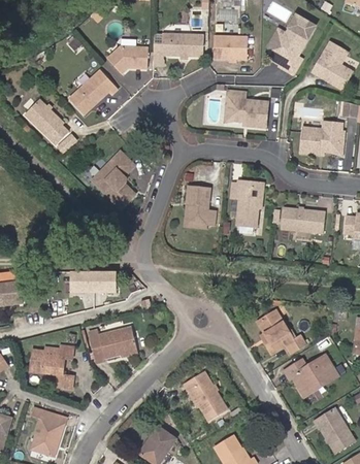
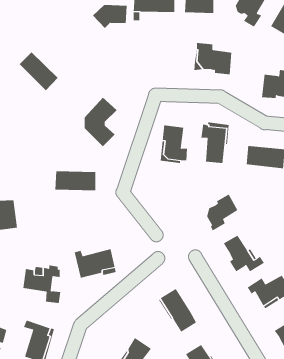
building: [69,71,118,115] -> none
building: none -> [207,194,238,231]
building: [70,270,118,293] -> [55,171,96,191]

